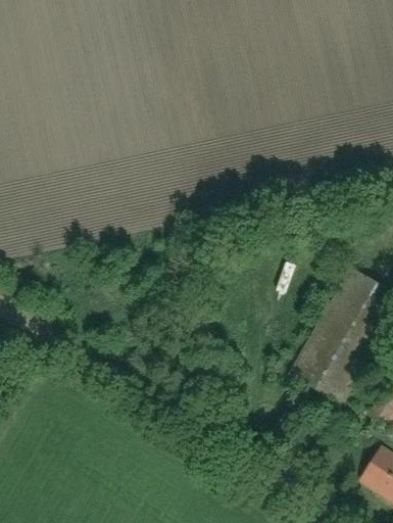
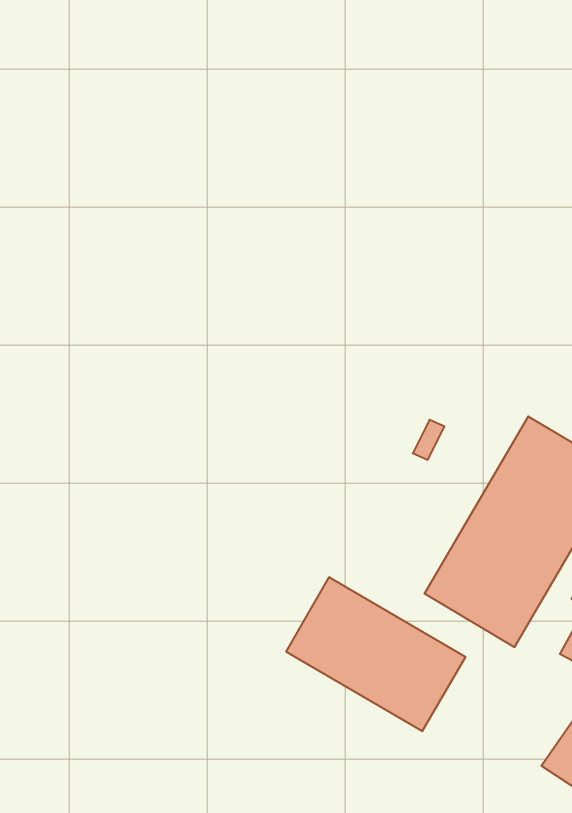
building: none -> [286,577,465,731]

